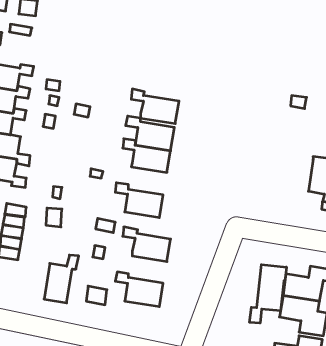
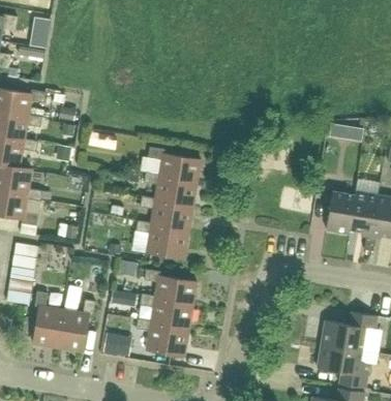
building: [131,89,179,124] -> [140,195,192,234]
building: none -> [325,191,354,234]
building: none -> [32,291,63,348]
building: none -> [140,294,192,331]
building: [250,265,286,323] -> none

